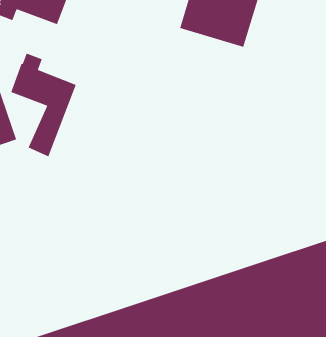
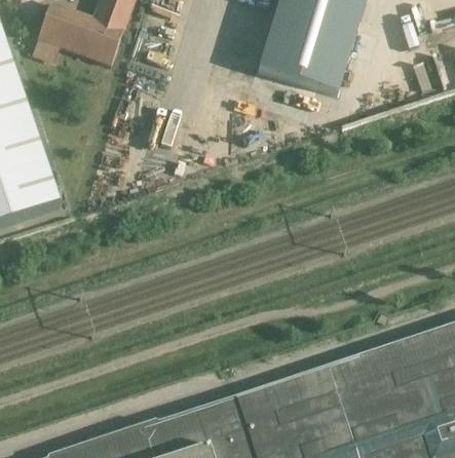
building: [10,53,77,157] -> none

